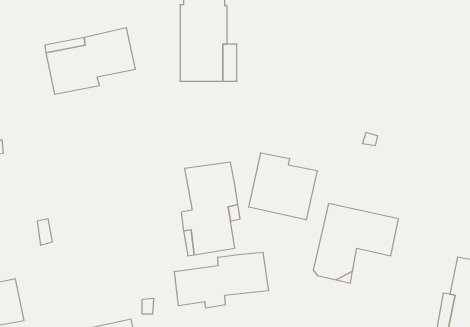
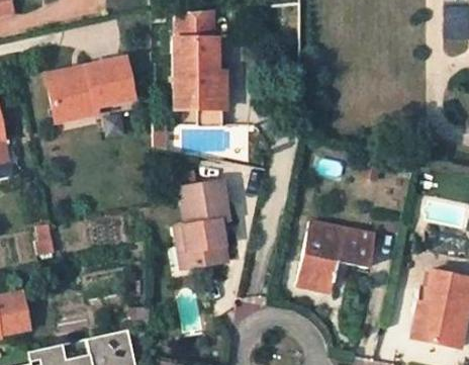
building: [249,153,317,220] -> none
building: [174,252,268,308] -> none

